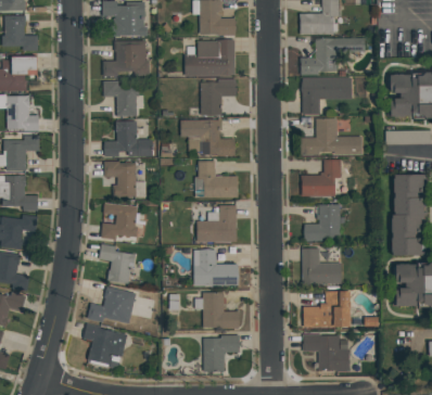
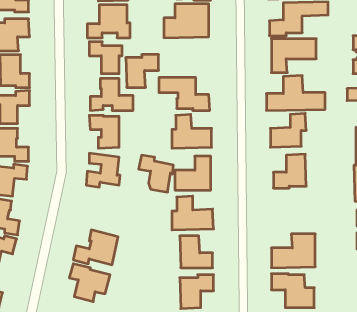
building: [201,79,237,115] -> [126,55,159,87]
building: [98,244,136,284] -> [139,155,173,192]
building: [303,249,342,285] -> none

